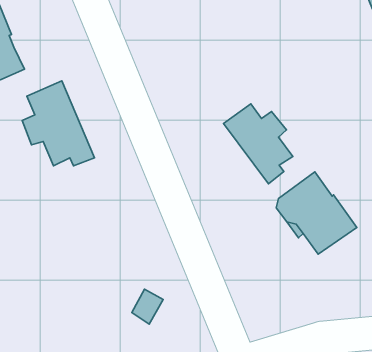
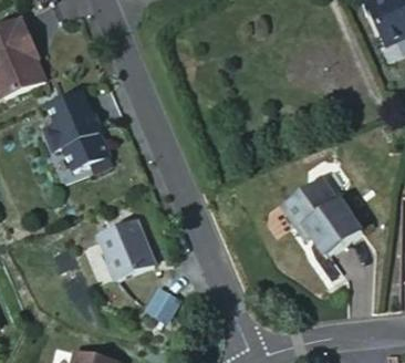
building: [224,104,293,184] -> none
building: none -> [97,218,153,277]

